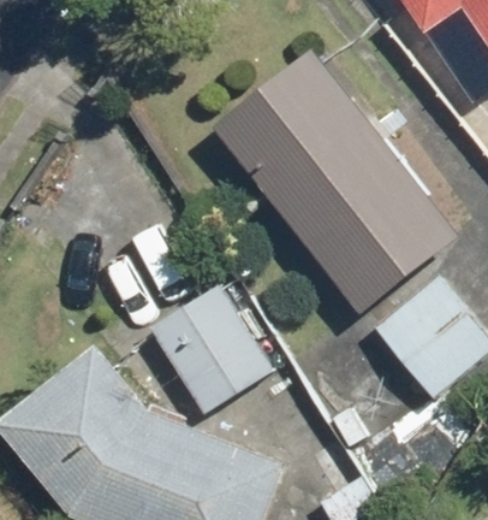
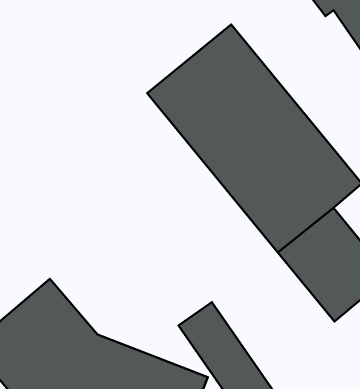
building: [147,285,270,415] -> none

